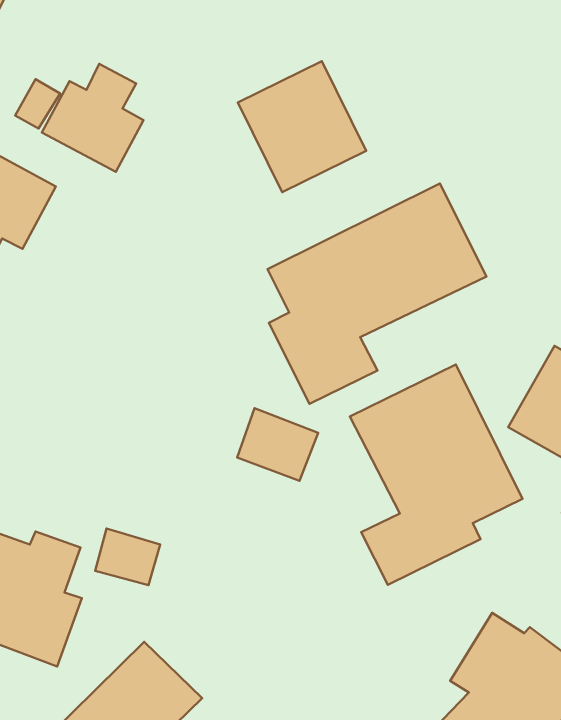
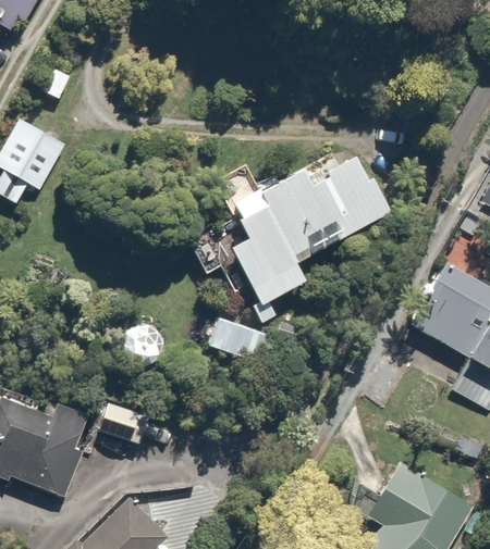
building: [238,61,366,192] -> none
building: [42,64,143,172] -> none
building: [350,364,522,585] -> none

